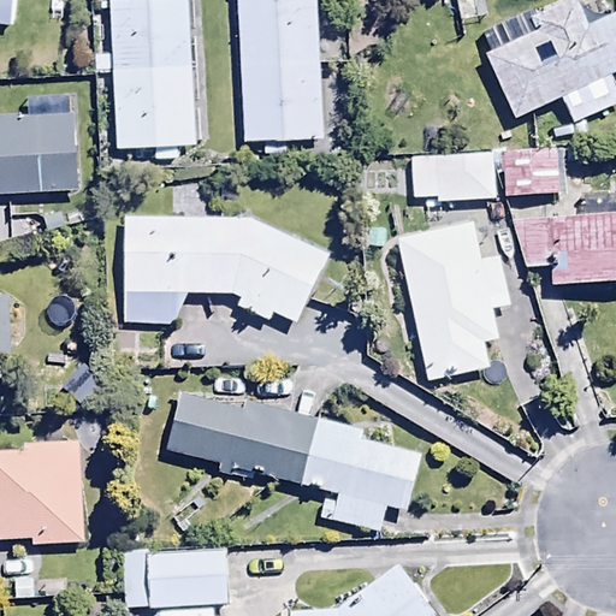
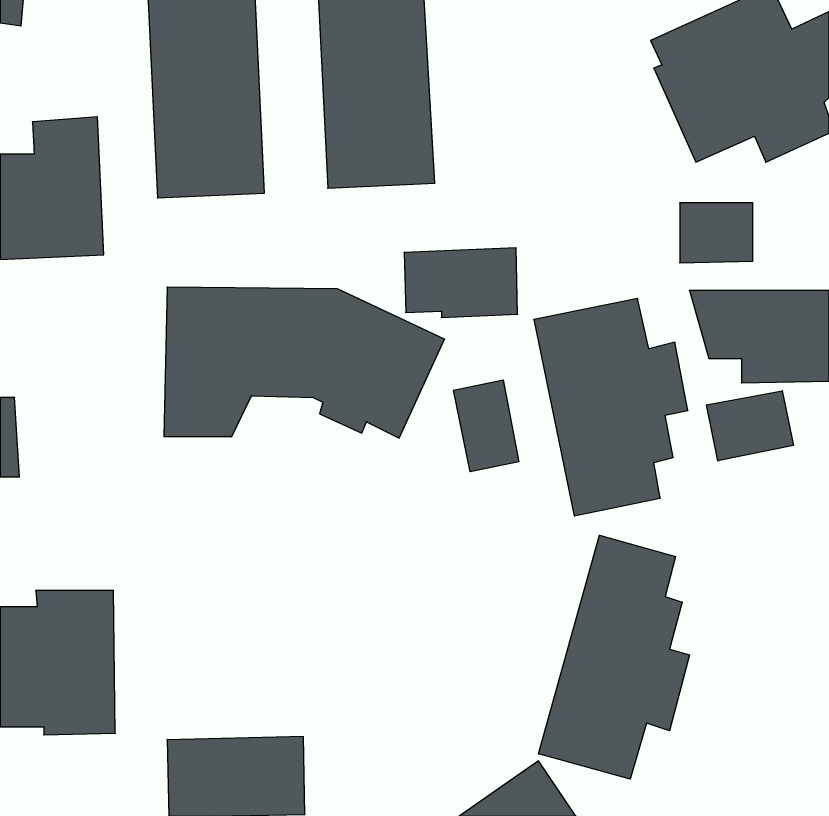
building: [409,149,493,201] -> [404,248,518,317]
building: none -> [453,380,519,472]
building: none -> [706,391,793,461]
building: [165,391,421,531] -> none
building: none -> [538,535,690,779]

